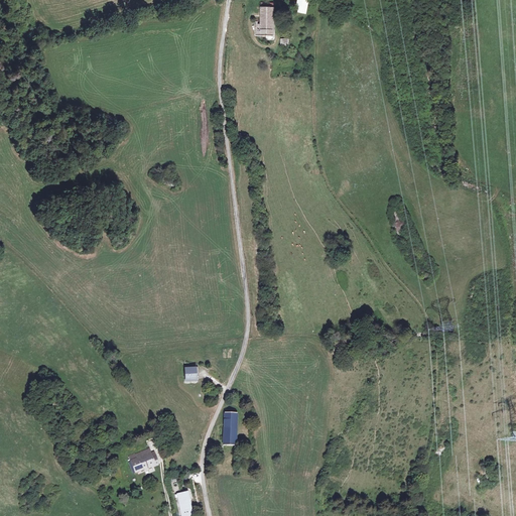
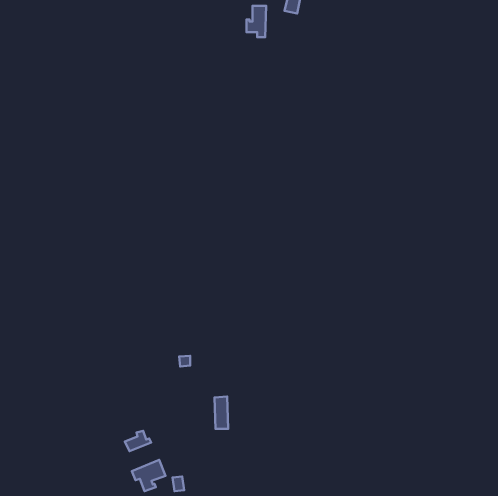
building: none -> [132,460,165,491]

